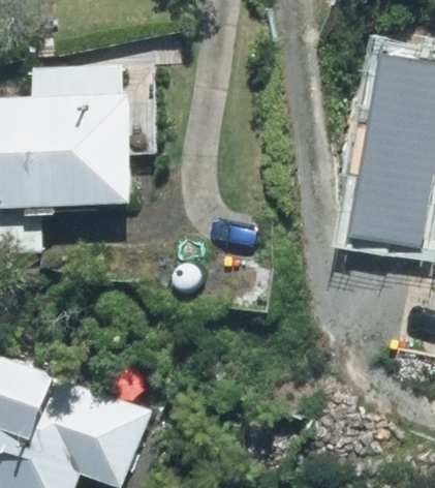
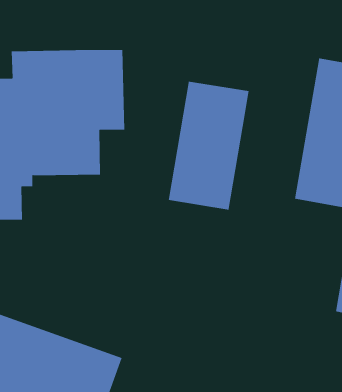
building: none -> [168,81,249,210]

